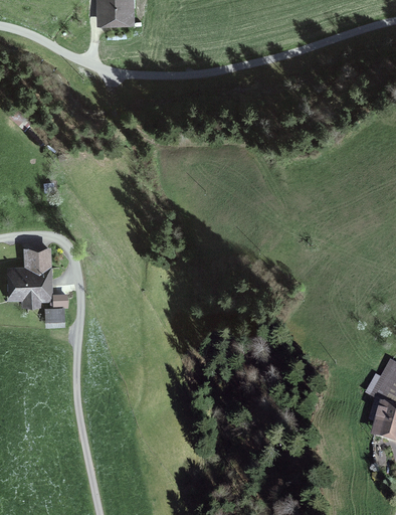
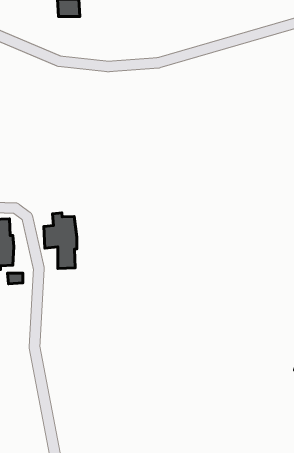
building: none -> [44,213,77,268]

